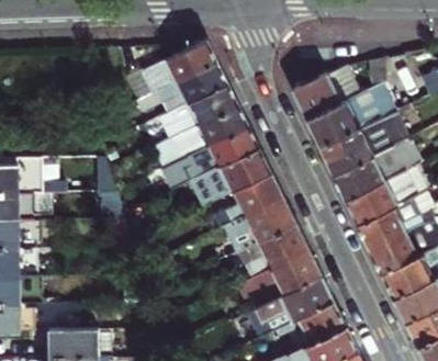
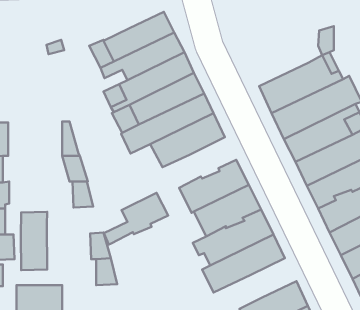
building: [290,68,358,121] -> none
building: [213,174,281,229] -> [104,193,168,244]
building: none -> [21,212,47,270]
building: [296,303,345,345] -> none

